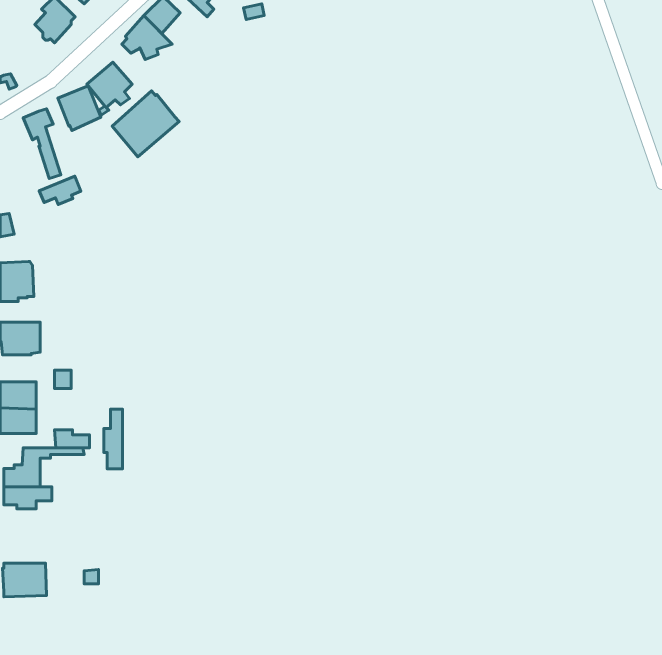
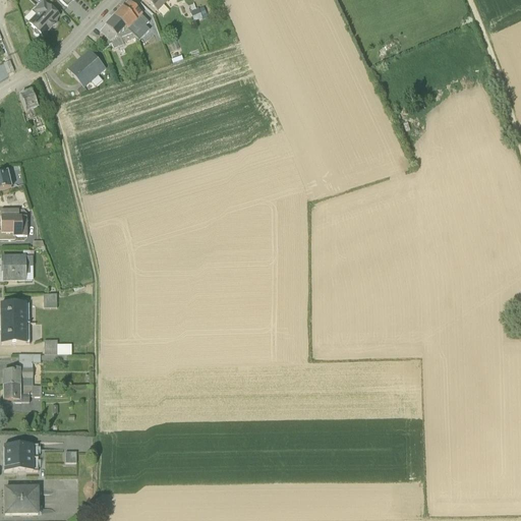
building: [58,86,101,131] -> none
building: [112,91,179,157] -> none
building: [39,176,81,204] -> none
building: [104,409,123,469] -> none
building: none -> [4,484,38,511]

